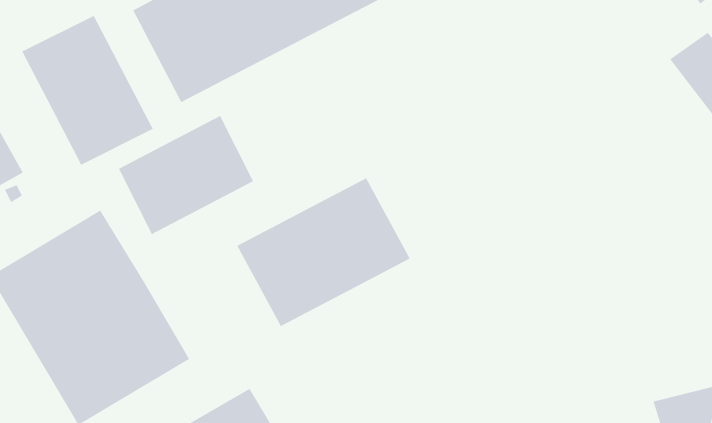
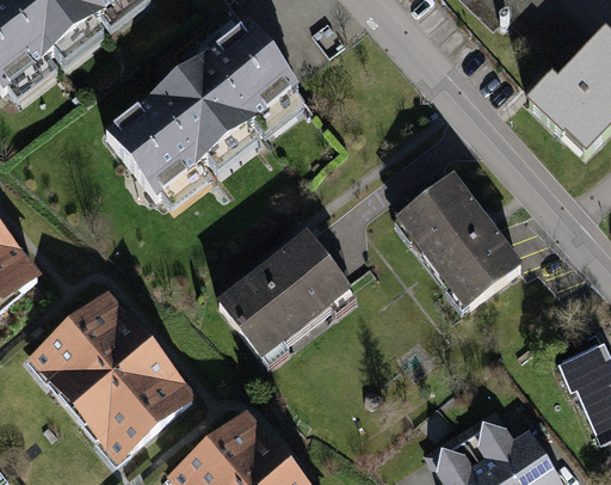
building: [21,15,154,166] -> none
building: [118,115,254,235] -> none
building: none -> [396,172,525,307]

